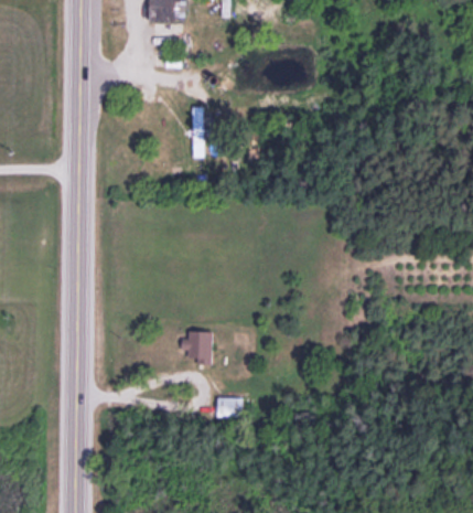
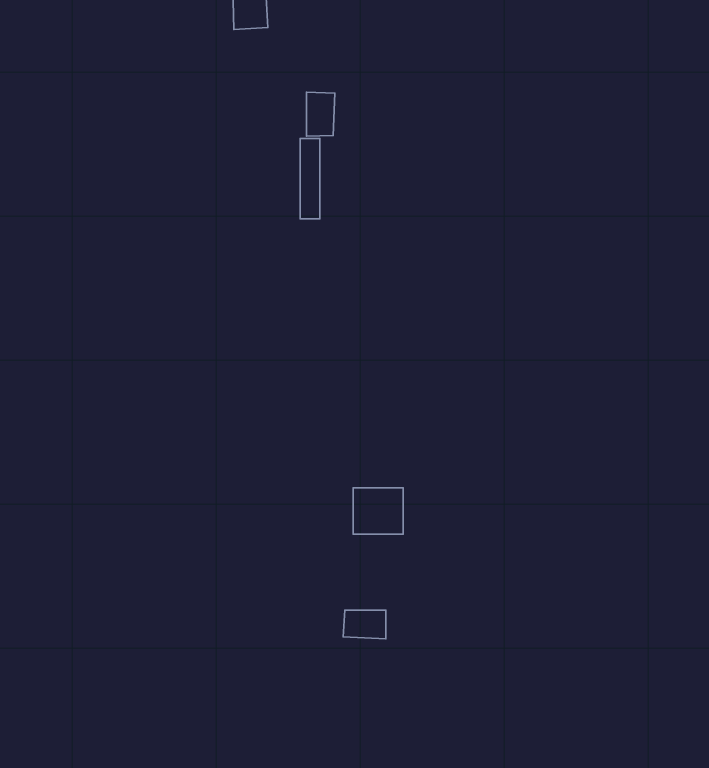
building: none -> [307,92,335,136]
building: [182,331,213,360] -> [353,488,403,534]

